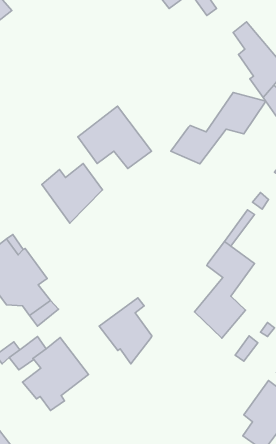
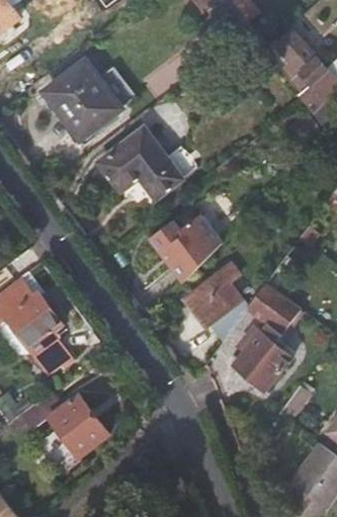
building: none -> [48,61,120,132]
building: [171,93,266,164] -> none
building: [42,163,102,223] -> [151,212,221,281]
building: [99,298,152,364] -> [187,264,248,340]

